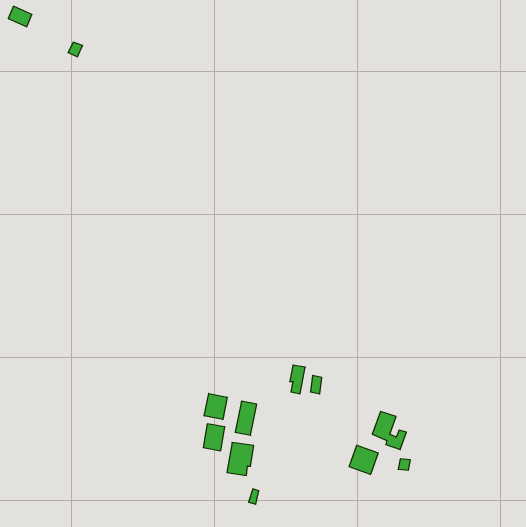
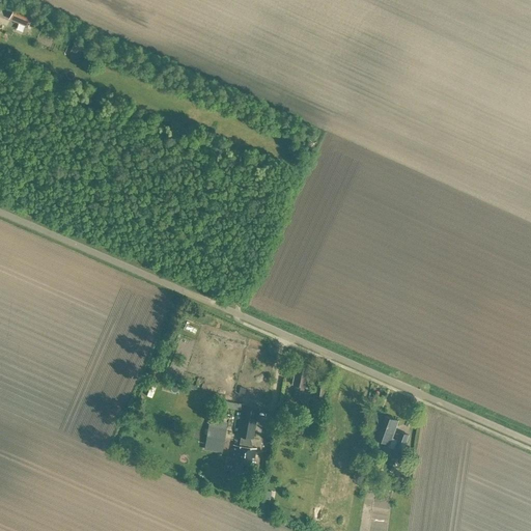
building: [204,393,227,420] -> none
building: [349,445,378,474] -> none

